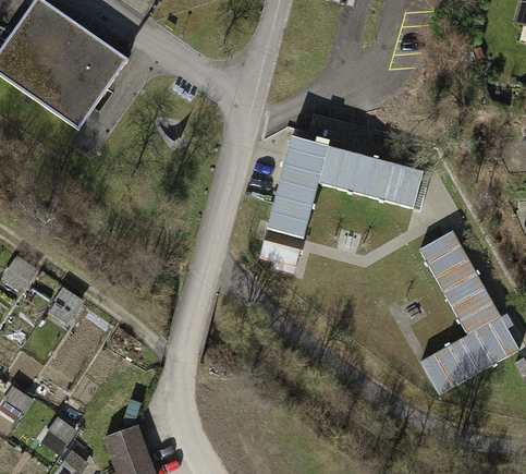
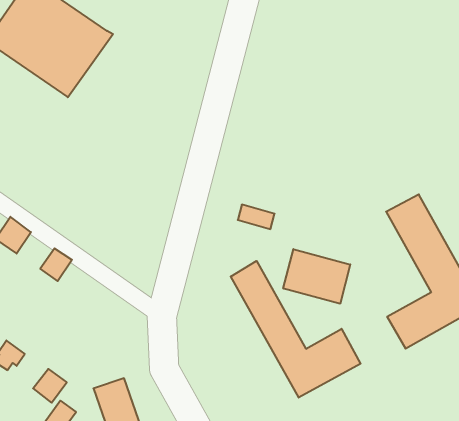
building: [265,137,424,240] -> none
building: none -> [283,249,350,304]
building: none -> [231,261,361,398]

